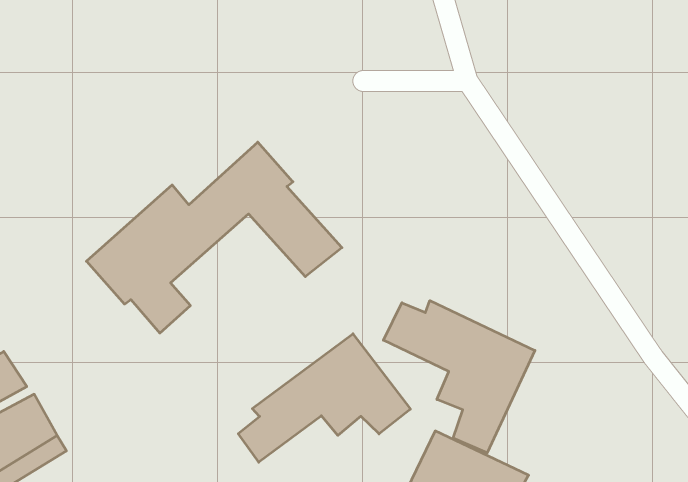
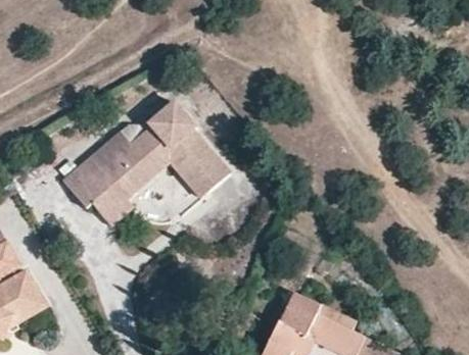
building: [383,301,535,453] -> none
building: [238,334,410,462] -> none

